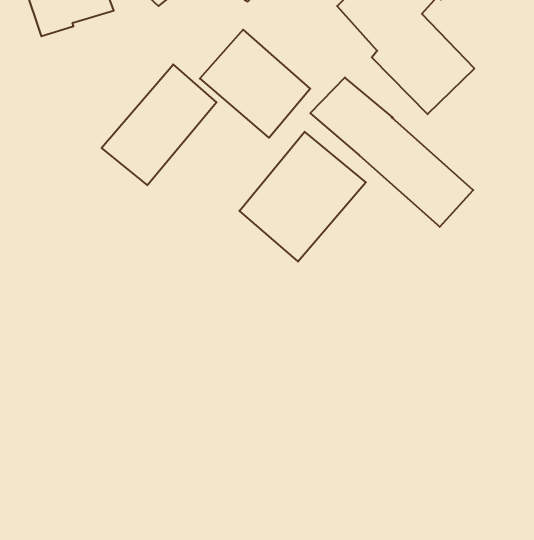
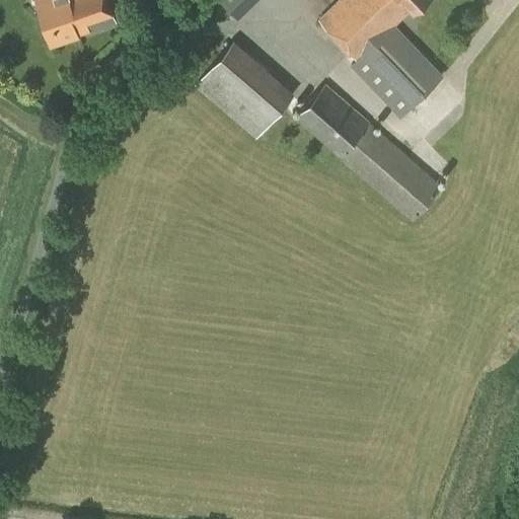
building: [102,64,217,185] -> none
building: [239,132,366,262] -> none

